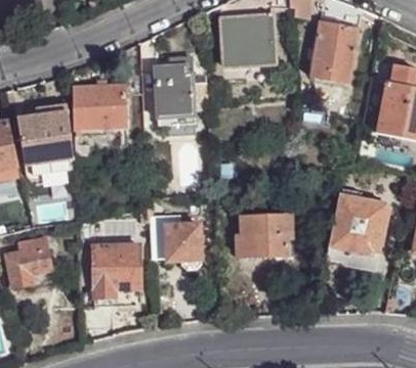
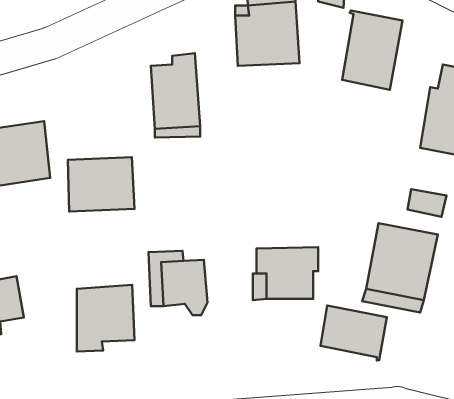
building: [72,84,126,128] -> [68,157,134,211]
building: none -> [321,306,387,361]

